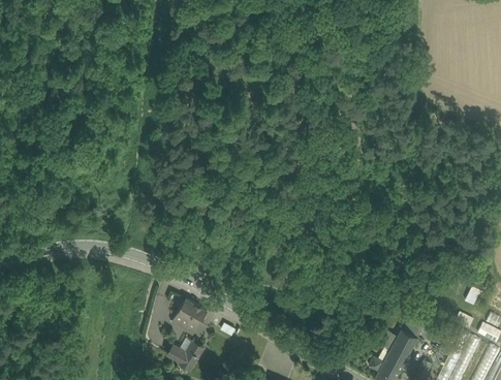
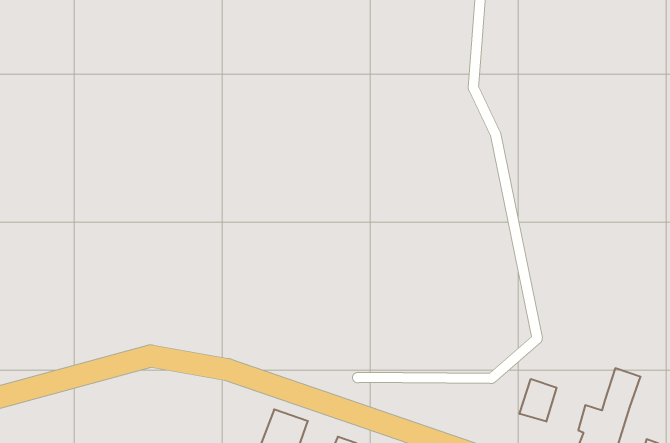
building: none -> [520,379,557,422]

